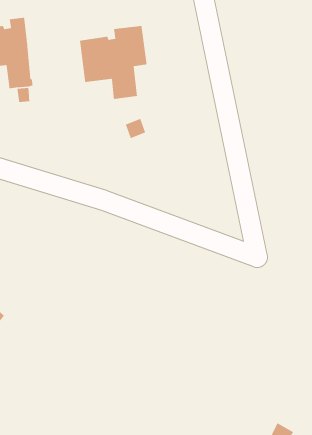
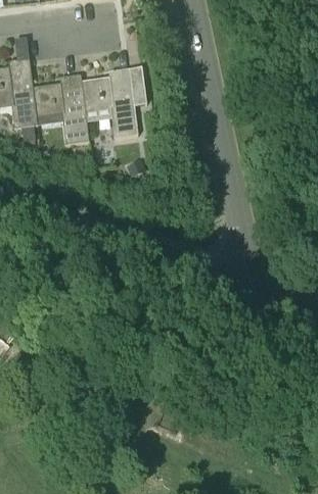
building: none -> [32,73,88,144]

